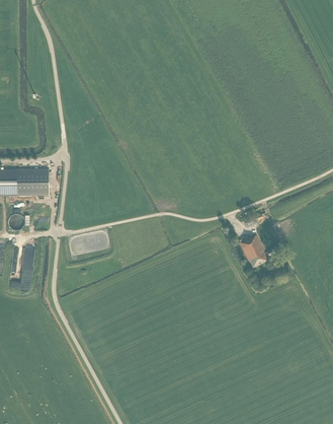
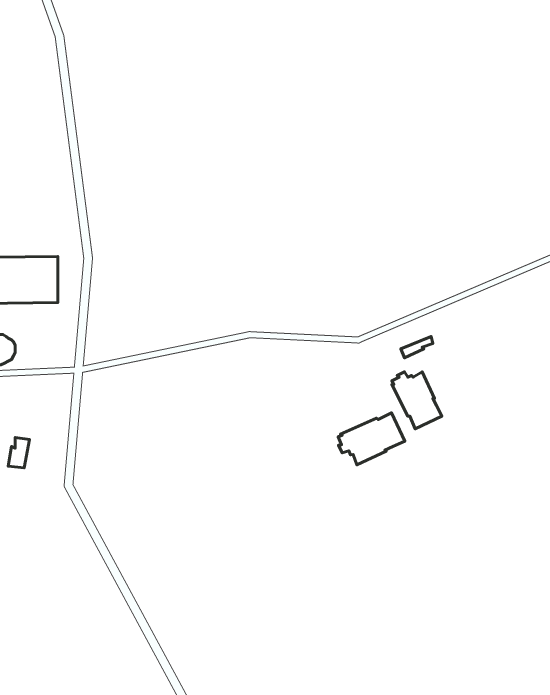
building: none -> [338,413,405,465]

